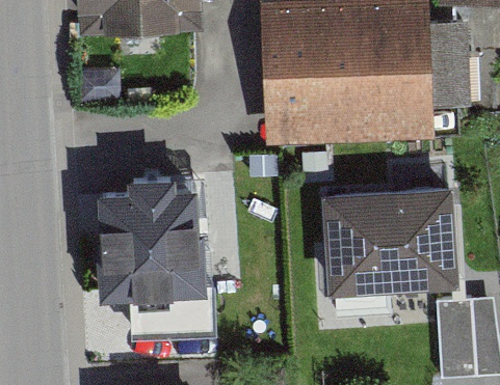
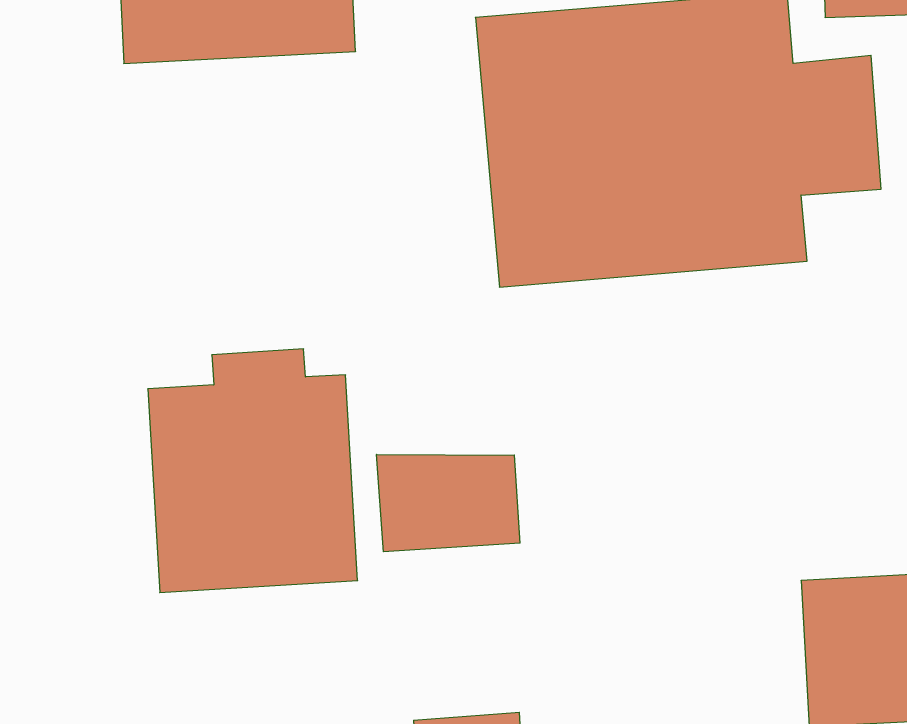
building: [320,184,456,291] -> none
building: none -> [377,454,520,552]

